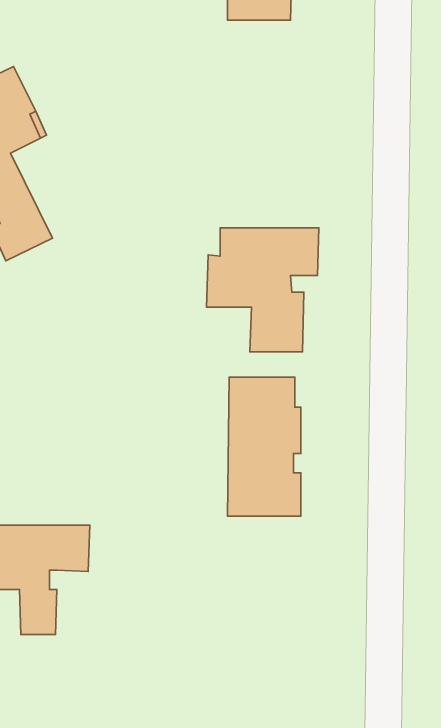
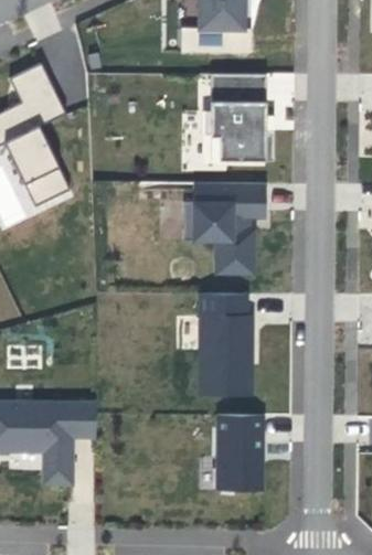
building: none -> [204,74,274,161]
building: none -> [216,415,264,491]

